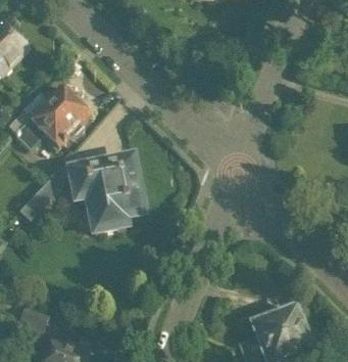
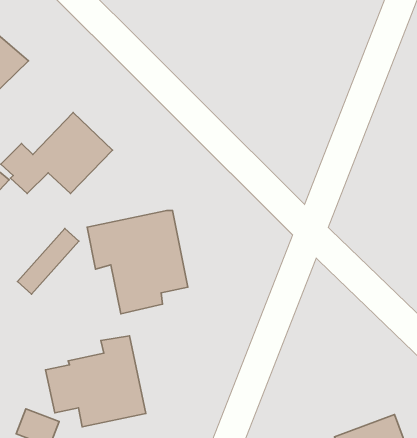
building: none -> [46,336,146,427]

